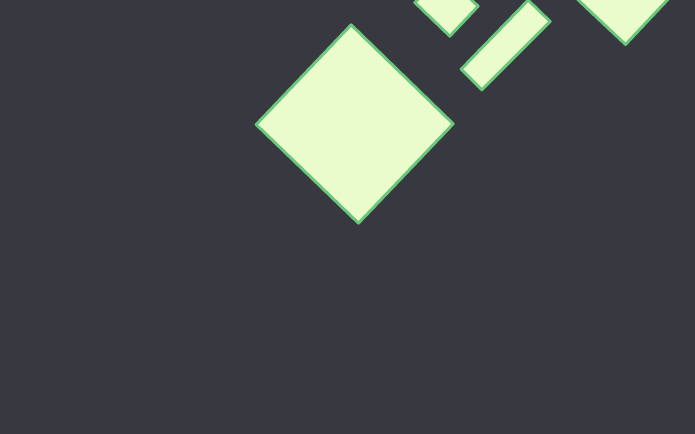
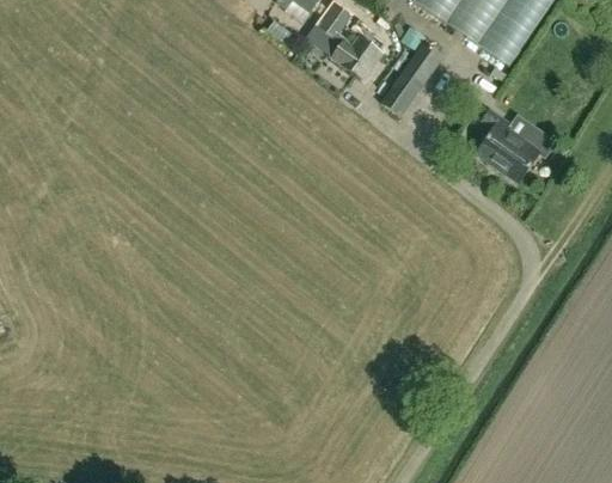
building: [256,25,453,223] -> none
building: none -> [476,109,539,182]

